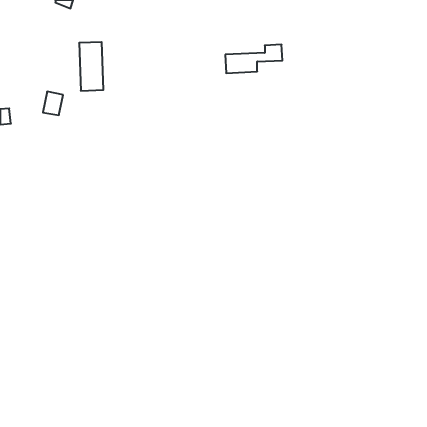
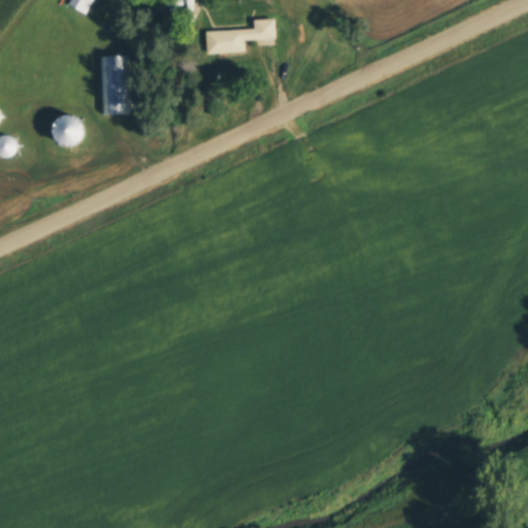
building: [225,45,282,73] -> [206,19,276,54]

